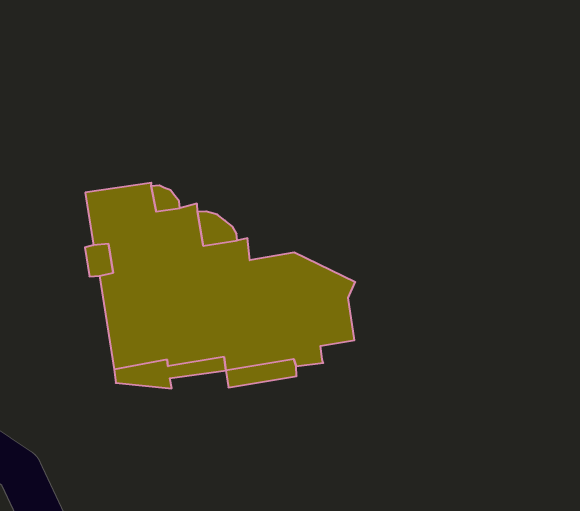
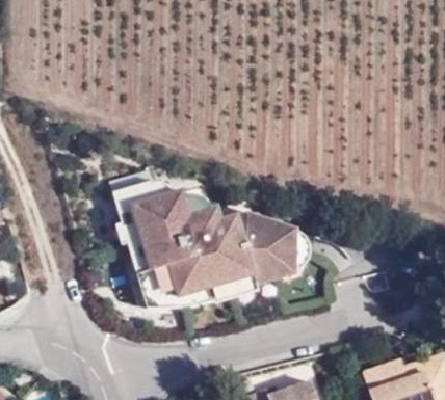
building: none -> [268,222,308,273]

